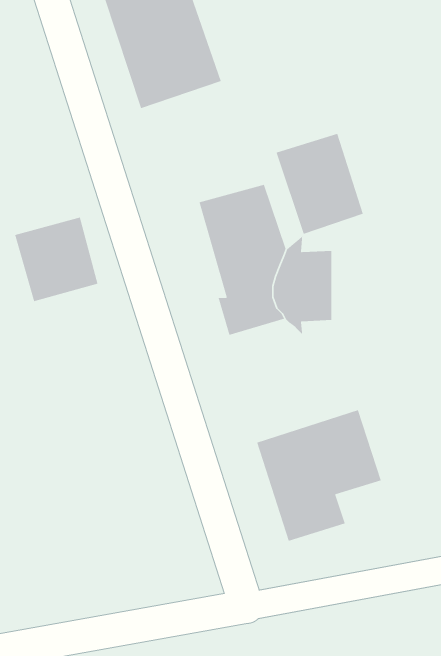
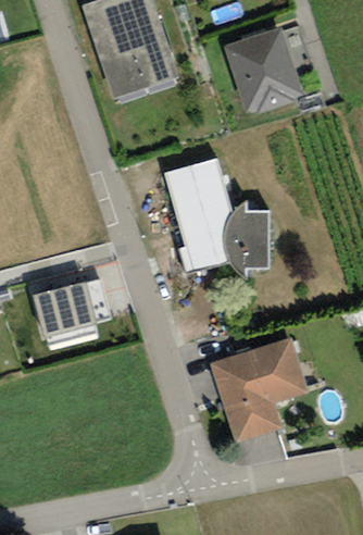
building: [276,133,364,235] -> [235,34,304,114]
building: [14,216,98,302] -> [30,279,97,347]

